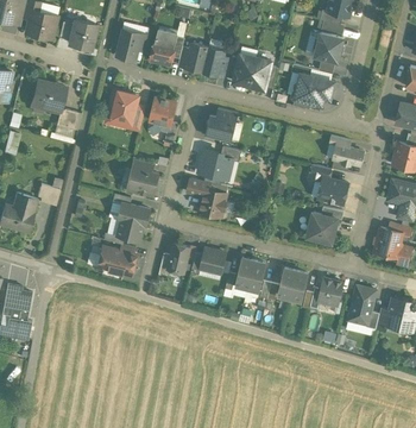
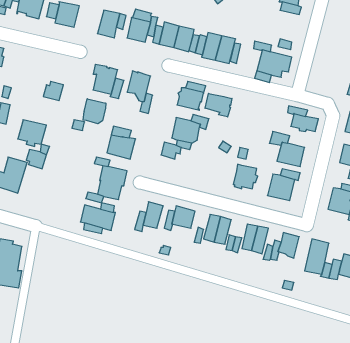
building: [314,32,343,61] -> none
building: [34,81,67,111] -> [18,120,46,146]
building: none -> [205,93,232,117]
building: none -> [83,99,106,124]
building: [200,188,227,215] -> [233,164,258,189]

